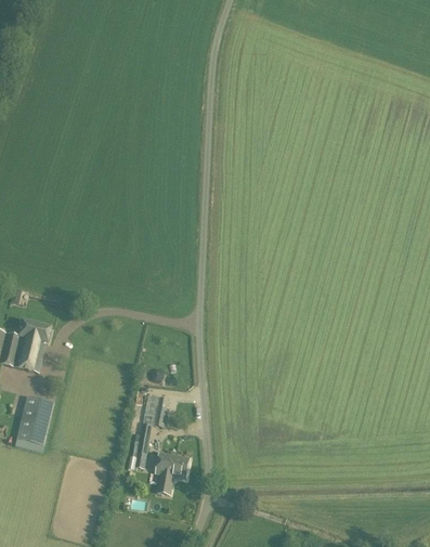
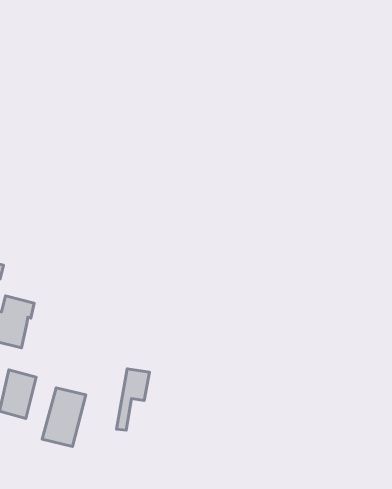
building: none -> [42,388,86,447]
building: [155,453,190,494] -> none

